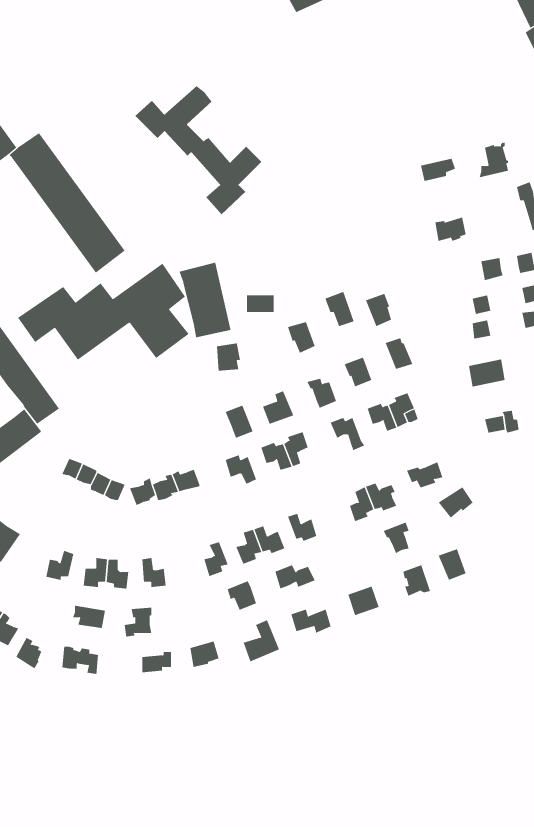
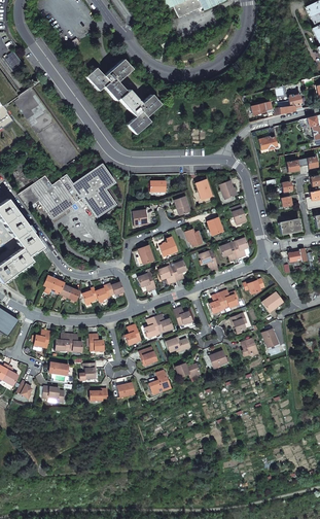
building: [179,262,231,338] -> none

